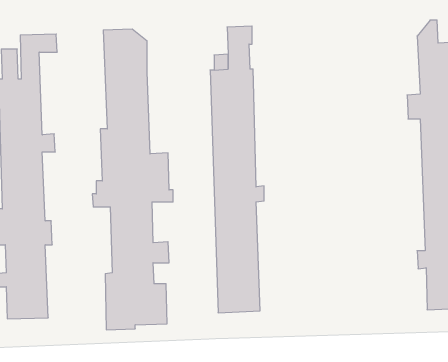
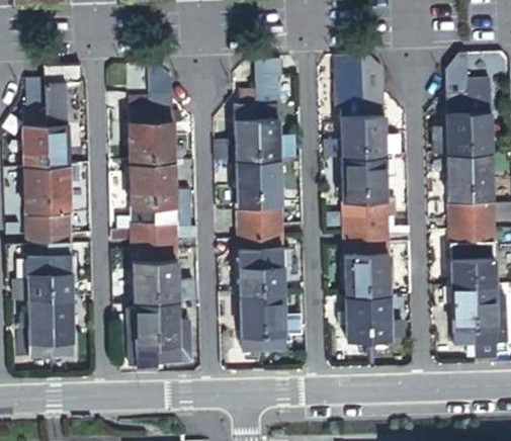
building: none -> [328,58,405,341]

